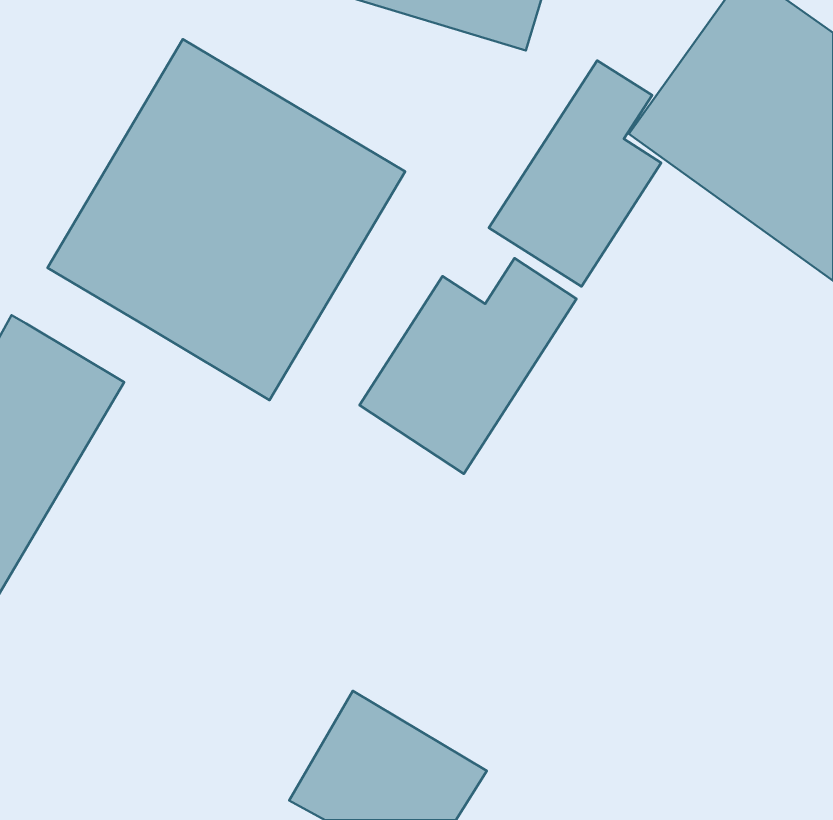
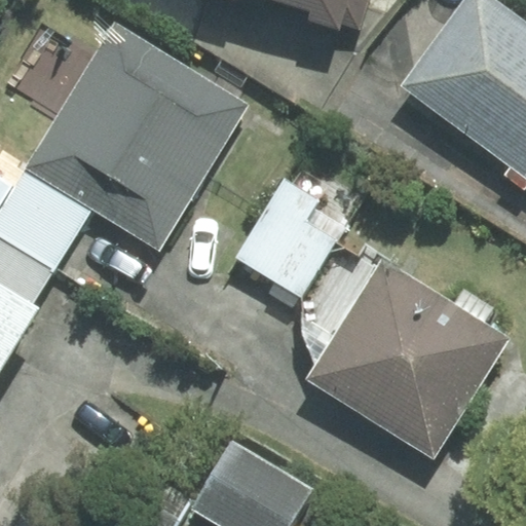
building: [489,60,661,286] -> none
building: none -> [310,260,512,452]

